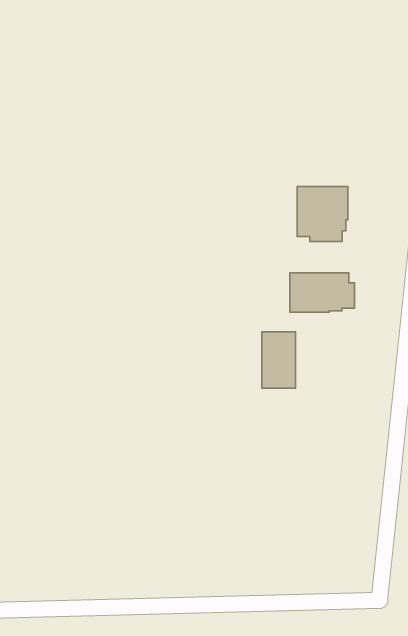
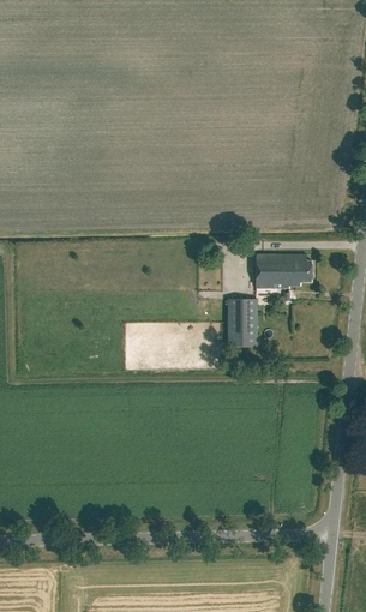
building: [297,187,348,241] -> none

